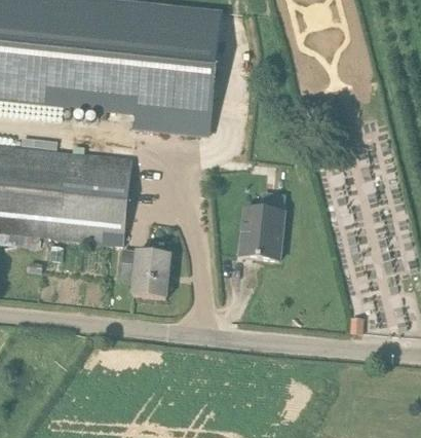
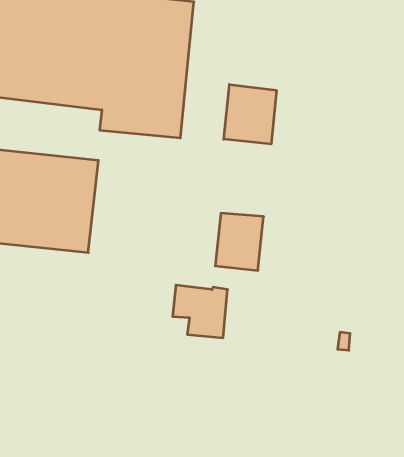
building: none -> [224,84,276,144]
building: [119,247,169,295] -> [173,285,228,338]

